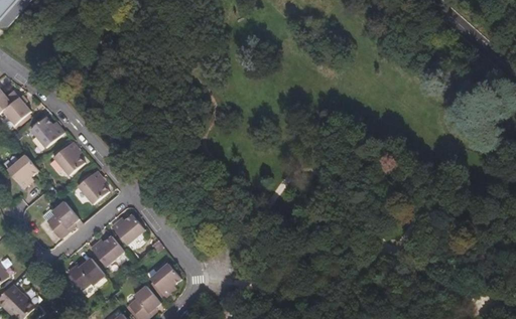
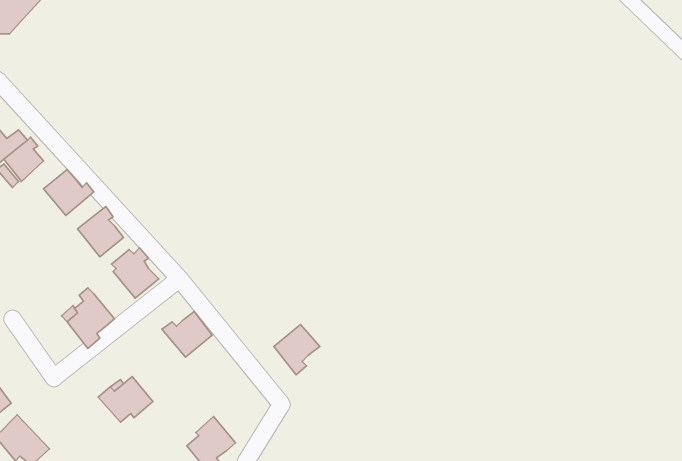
building: [6,154,38,188] -> none
building: [91,235,124,267] -> none
building: [150,263,181,297] -> [274,324,320,375]

